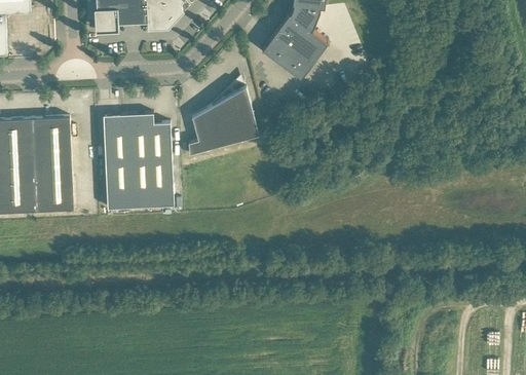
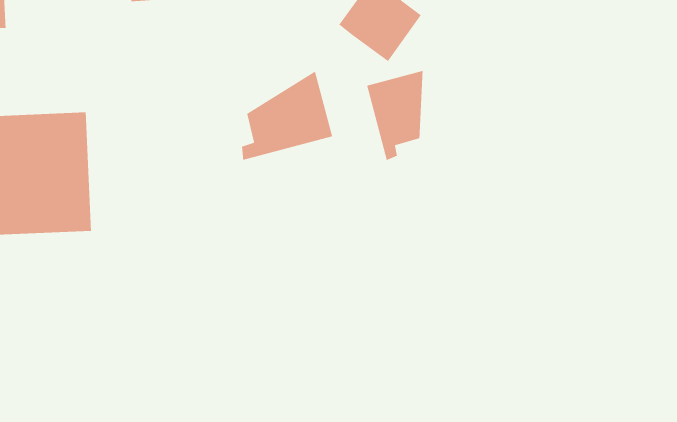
building: none -> [366,69,424,161]
building: [103,113,174,208] -> none

